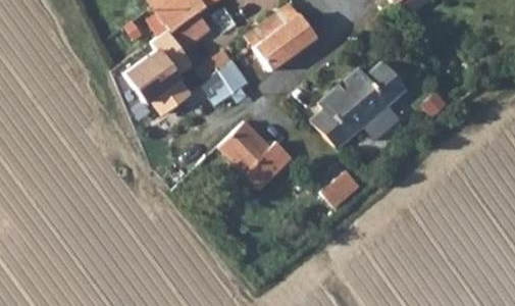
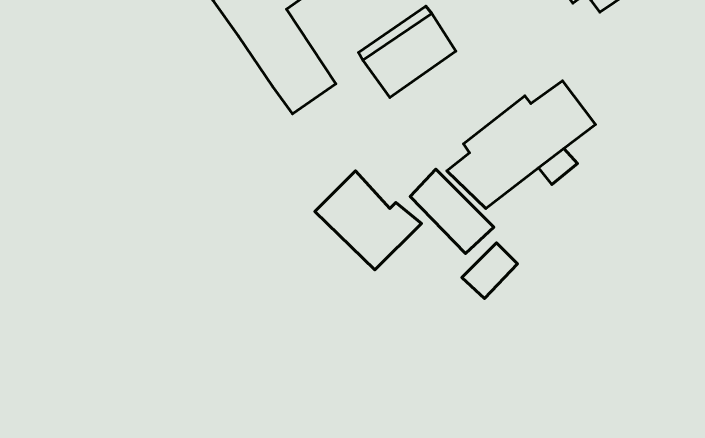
building: [130,29,191,115] -> none
building: [201,61,247,104] -> none
building: none -> [410,169,494,253]

